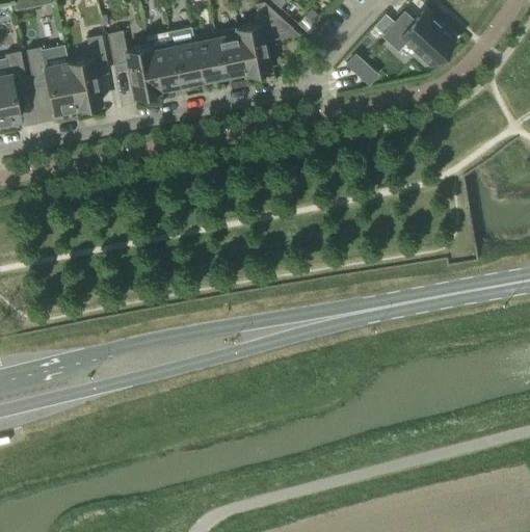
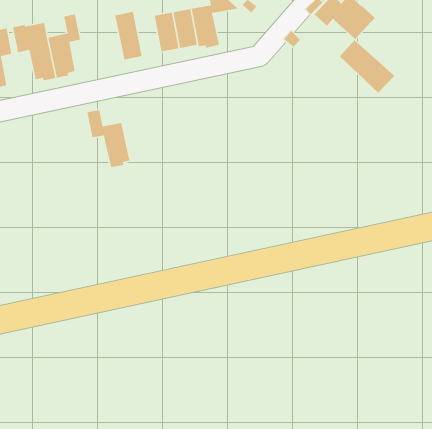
building: [170,29,203,87] -> none
building: [108,32,160,102] -> [87,109,131,168]
building: none -> [339,39,395,93]

